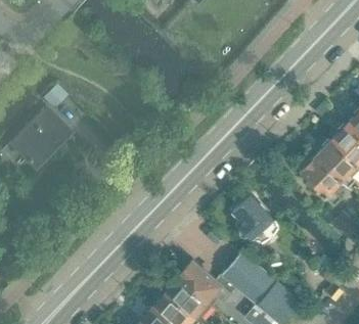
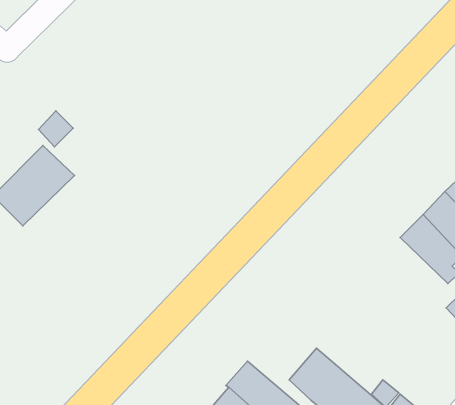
building: [231,194,272,240] -> none

